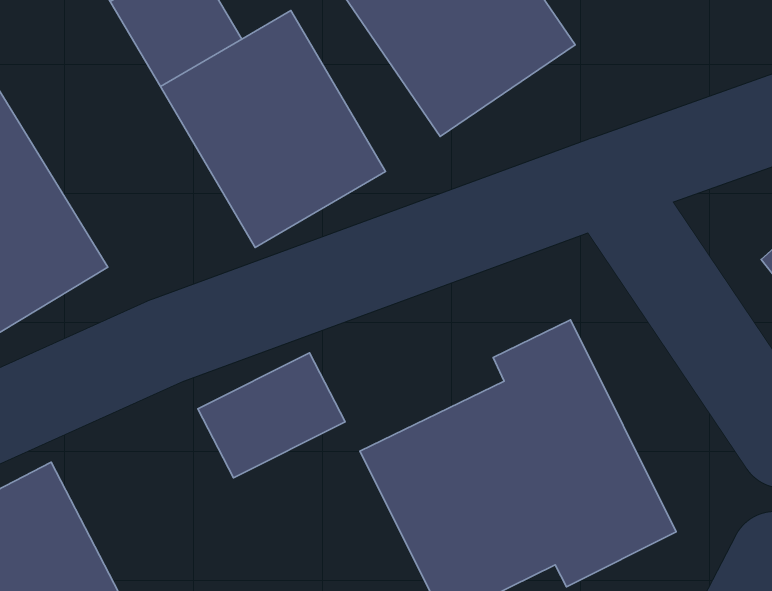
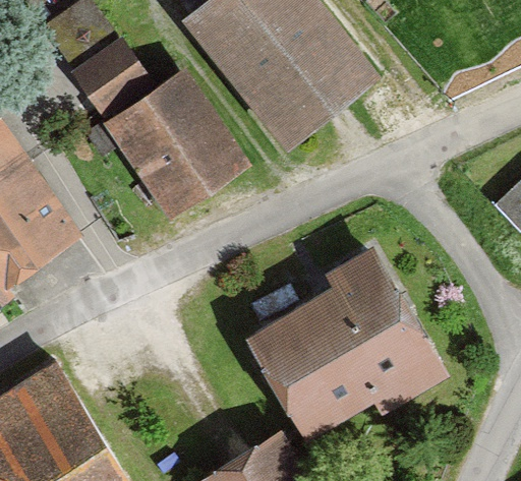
building: [198,353,345,478] -> none

